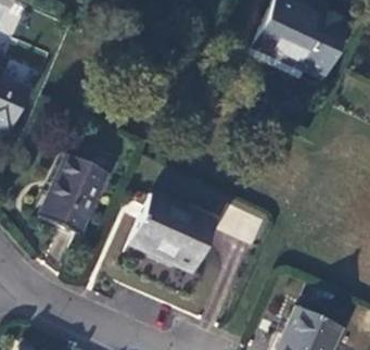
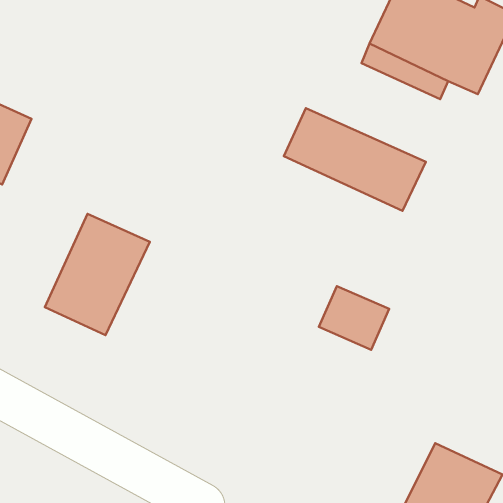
building: none -> [284,108,426,211]
building: [130,193,215,266] -> none

